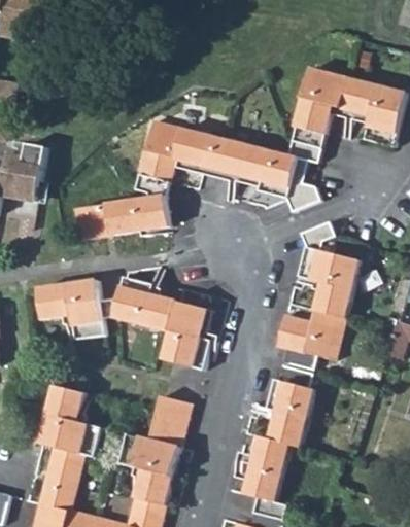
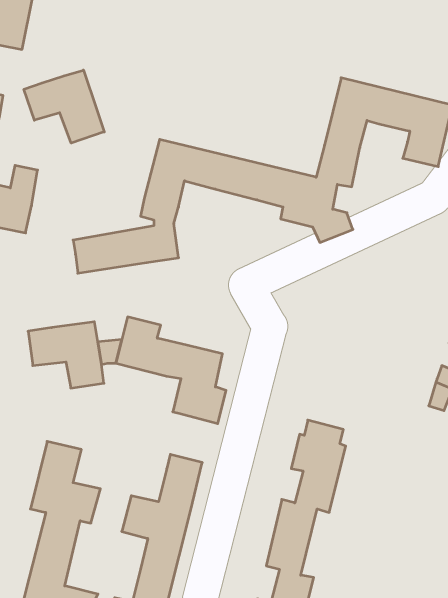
building: none -> [24,70,104,143]
building: [276,220,358,368] -> none

